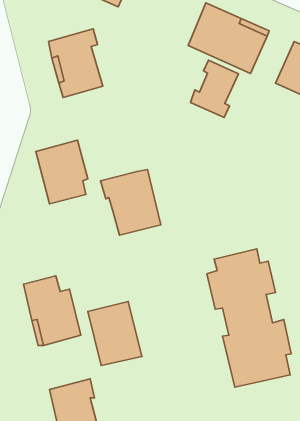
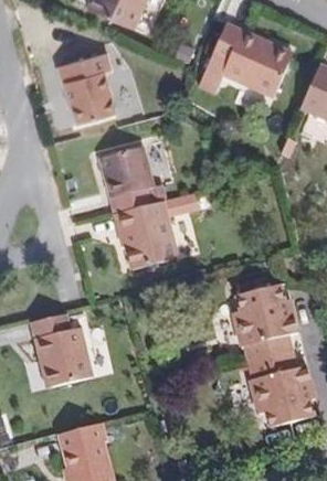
building: [190,60,238,118] -> none
building: [36,140,88,204] -> [101,146,156,213]
building: [88,301,142,366] -> none

